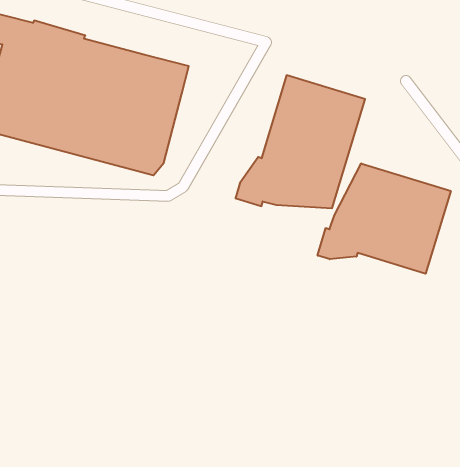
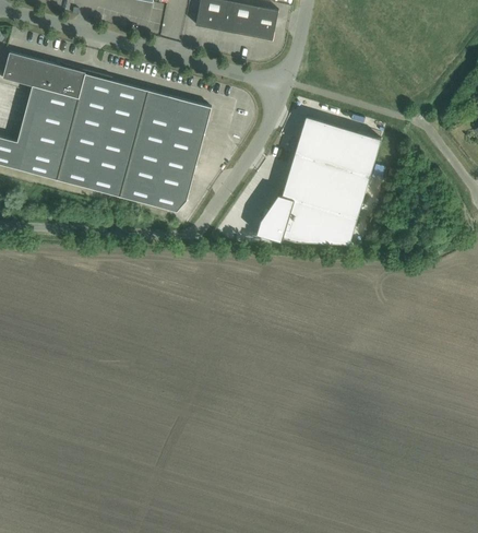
building: [318,163,451,274] -> none

